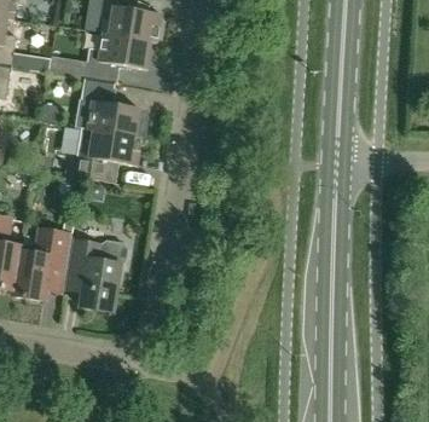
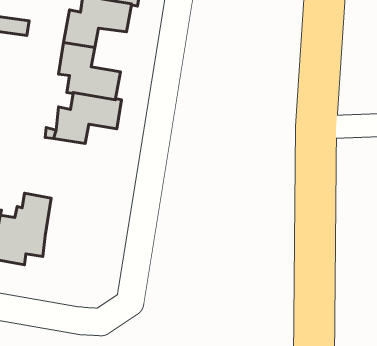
building: [70,238,127,311] -> none

